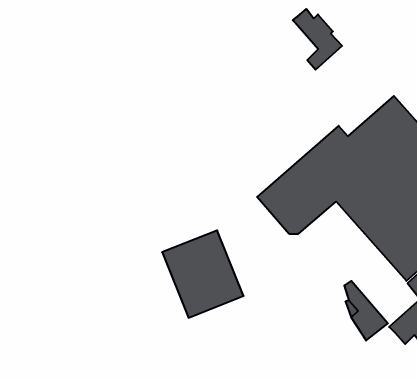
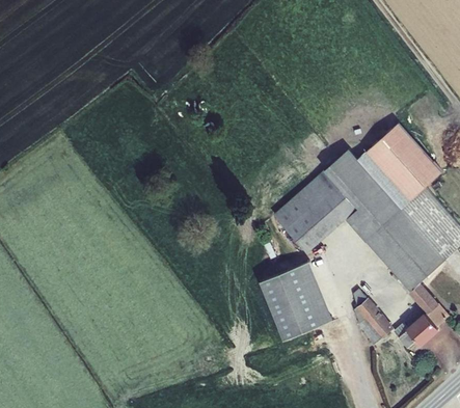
building: [293,9,342,70] -> none
building: [162,230,244,318] -> [260,262,333,341]

